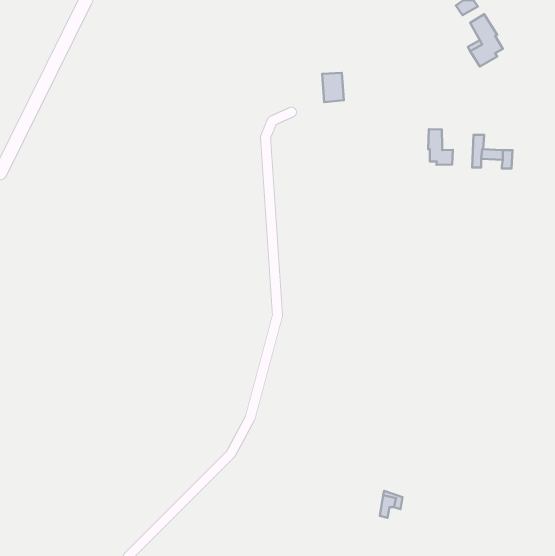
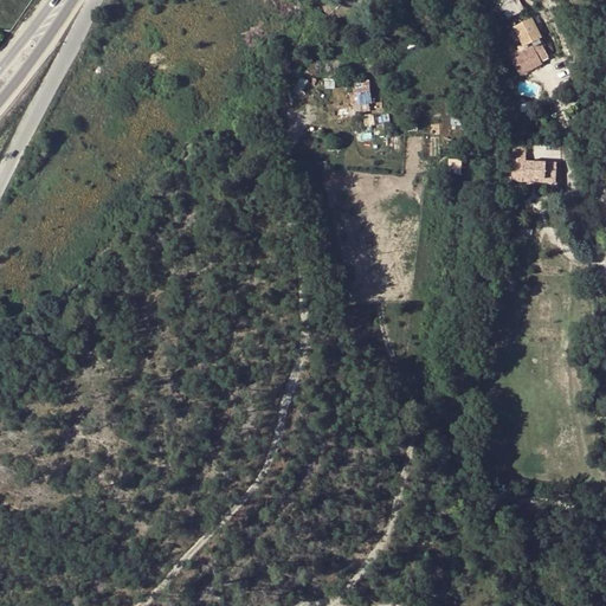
building: [428,129,453,165] -> none

